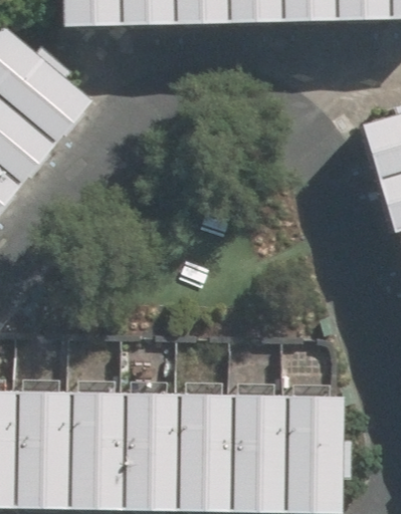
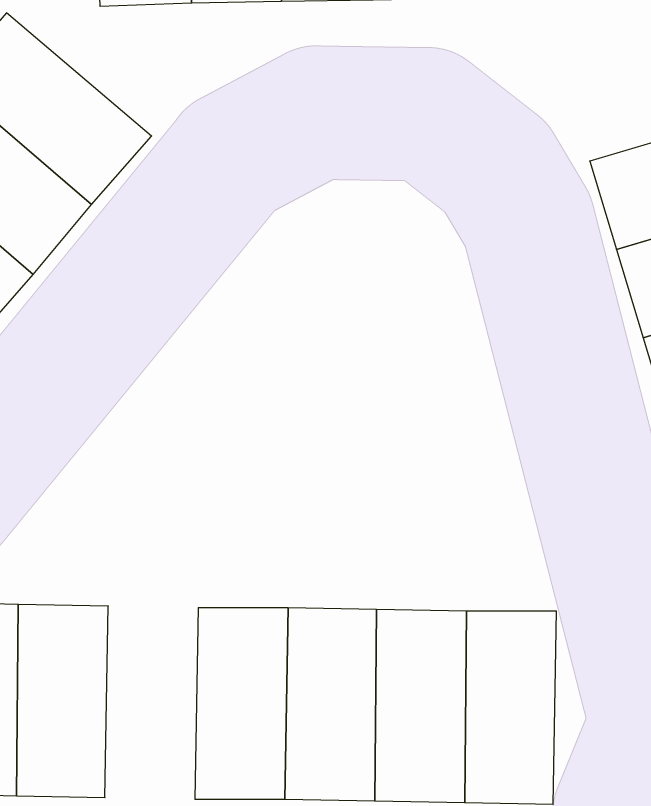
building: [67,389,124,505] -> none

